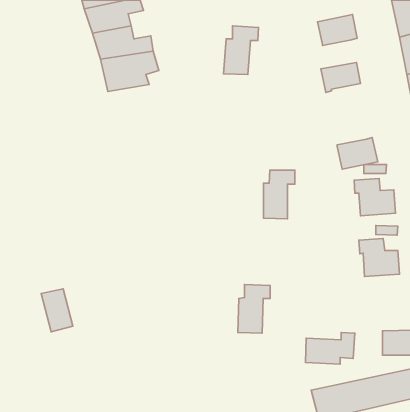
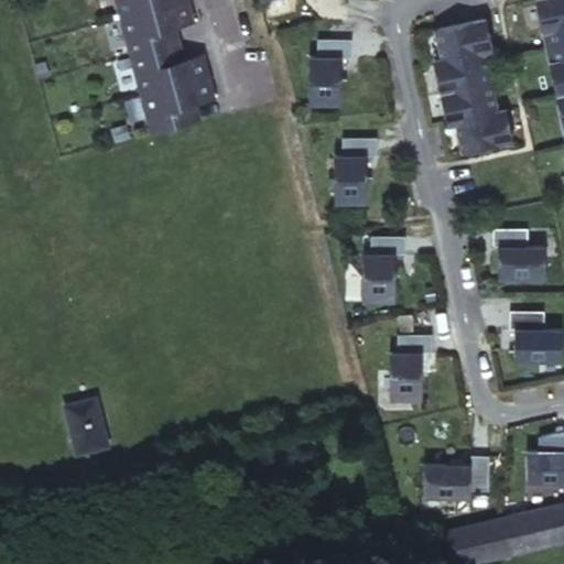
building: none -> [435,57,490,97]
building: none -> [337,137,380,203]
building: [337,137,378,169] -> [456,115,511,158]
building: [238,285,270,333] -> [389,334,433,400]

